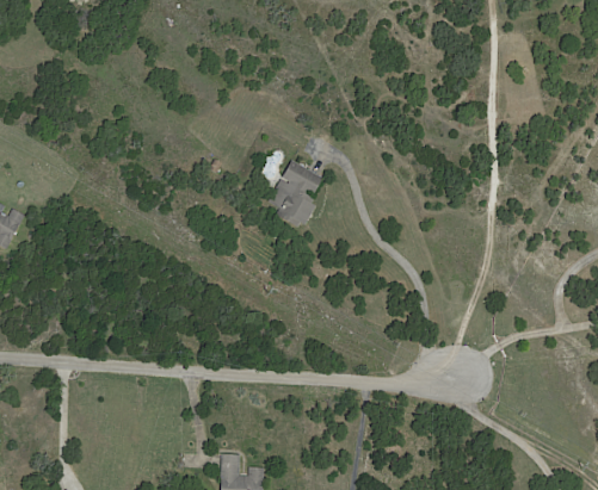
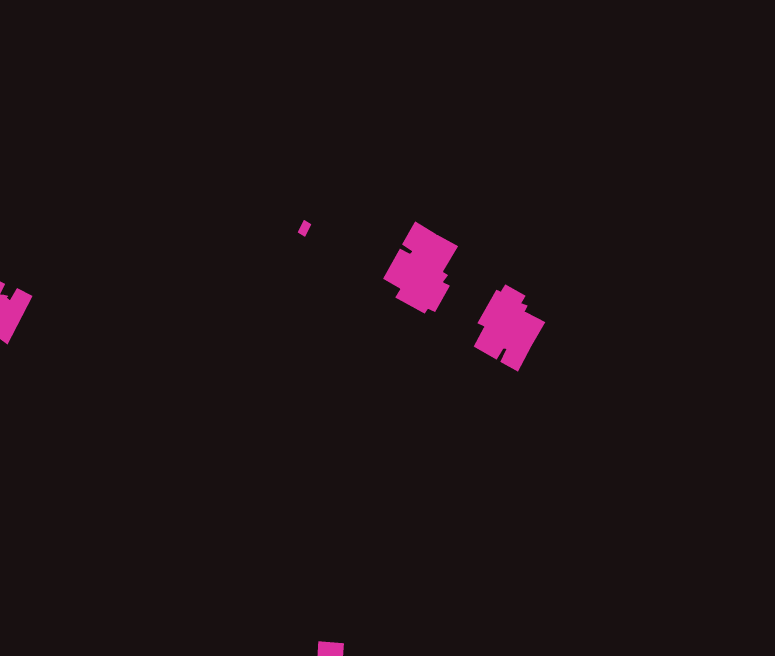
building: none -> [473,284,546,372]

